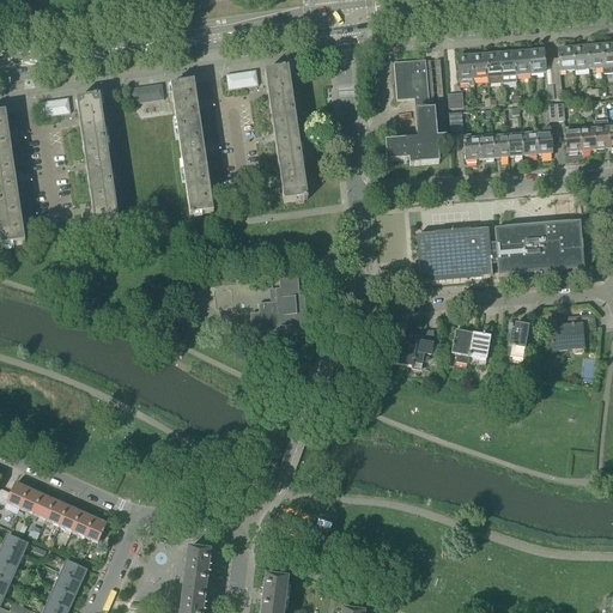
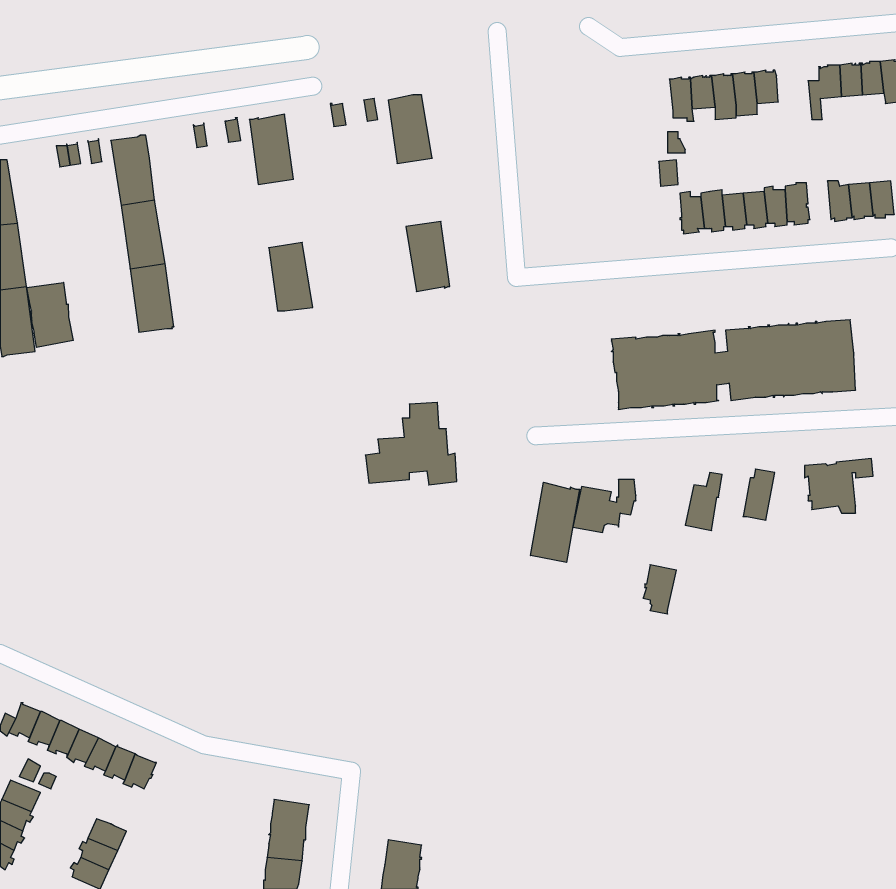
building: [529,47,554,83] -> none
building: [386,57,448,162] -> none
building: [272,108,302,154] -> none
building: [177,122,207,169] -> none
building: none -> [27,282,73,347]
building: [451,327,474,360] -> [643,565,676,614]
building: none -> [531,482,580,562]

